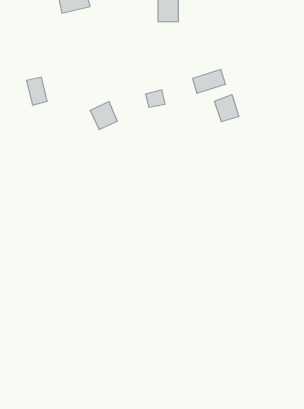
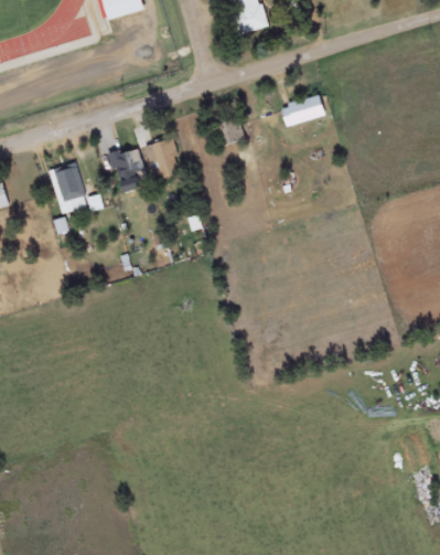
building: [27,77,47,105] -> [55,164,83,202]
building: [215,95,239,122] -> none
building: none -> [117,153,141,178]

